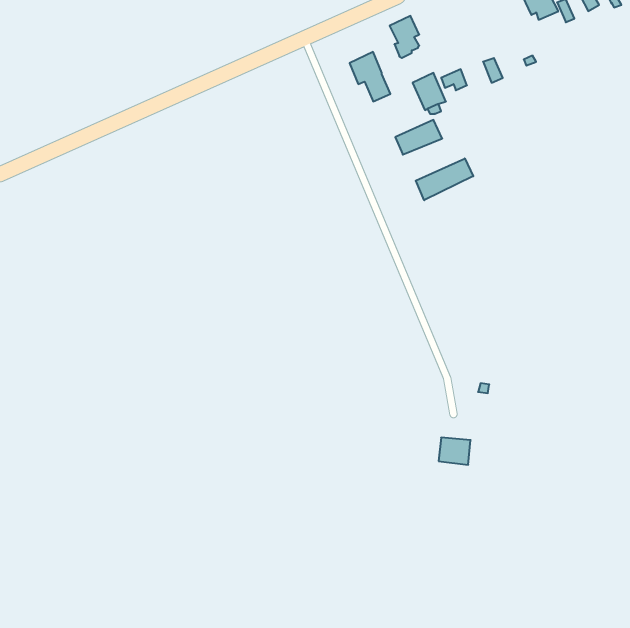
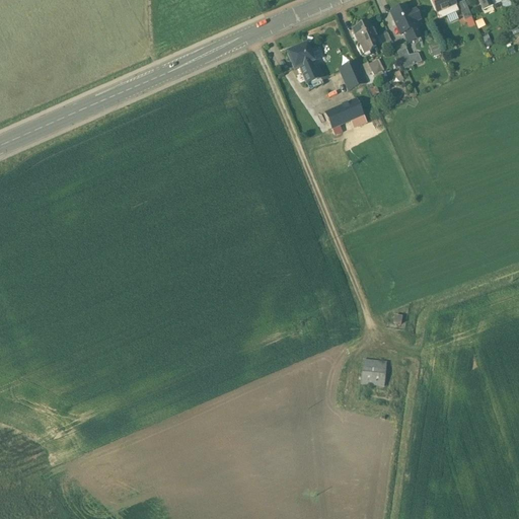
building: none -> [391,5,421,42]
building: [390,16,419,58] -> [353,20,377,55]
building: [416,158,473,200] -> none

